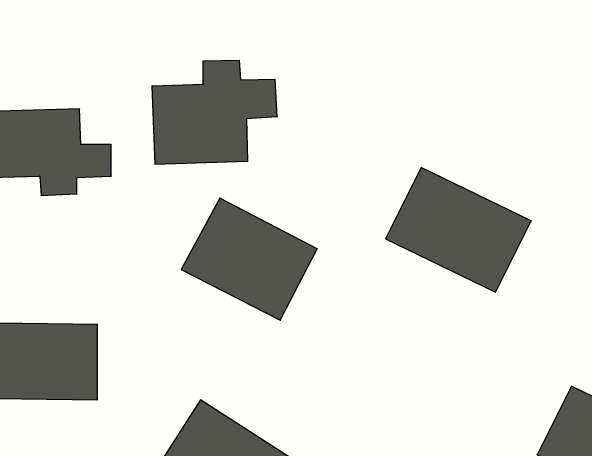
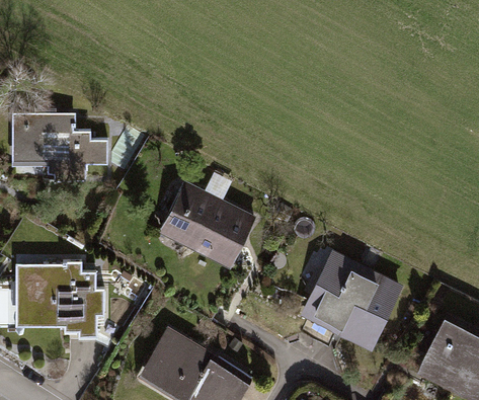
building: [152,60,277,164] -> none
building: [386,167,531,292] -> [297,257,404,349]

